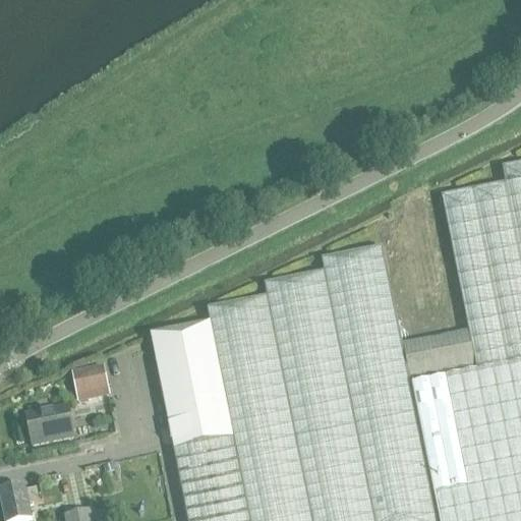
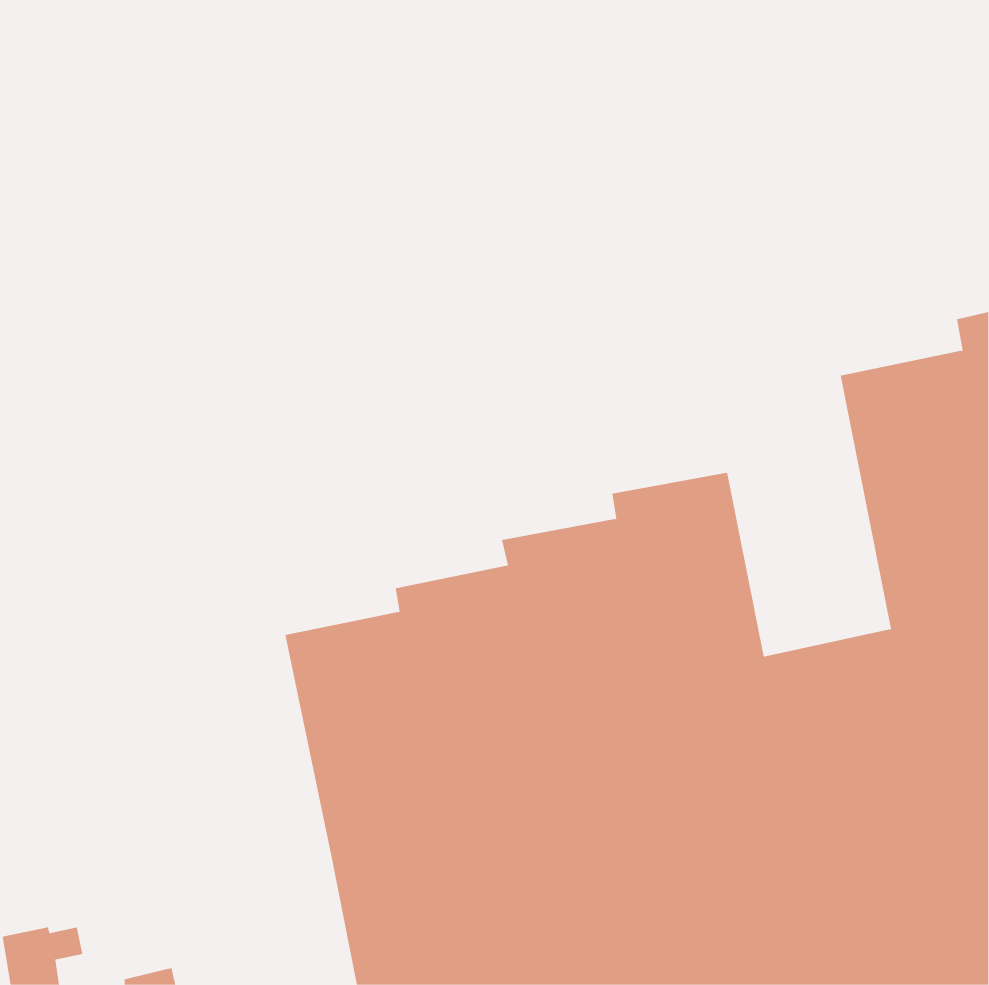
building: [74,366,109,394] -> none
building: [26,405,75,446] -> none

